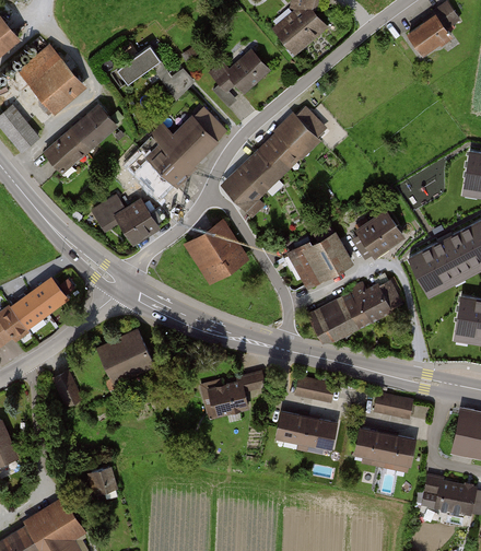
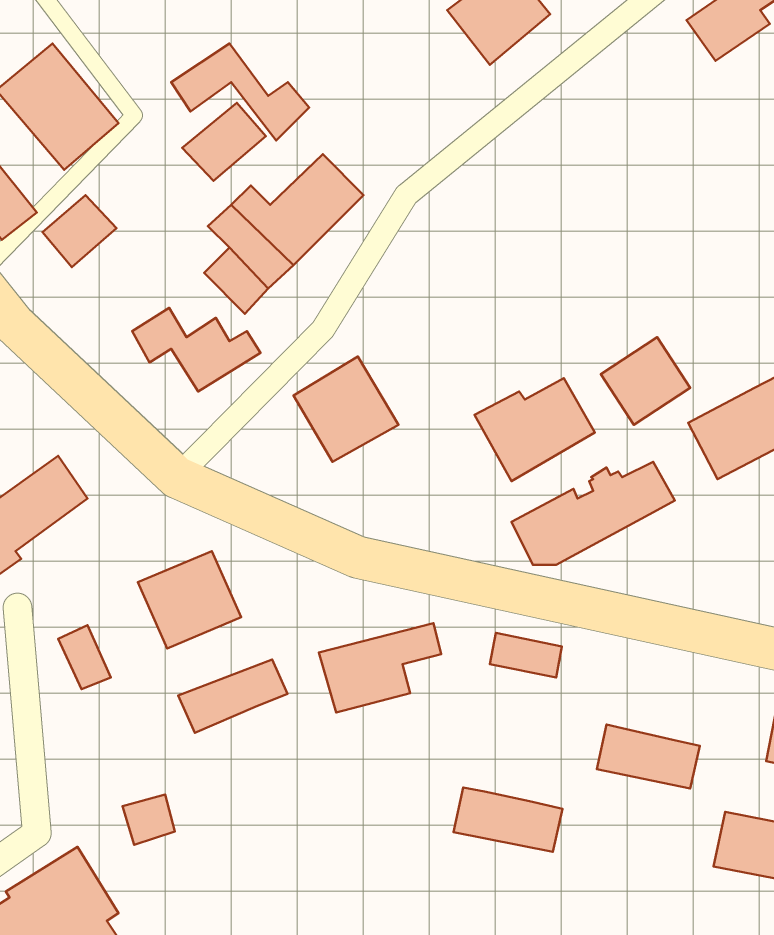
building: [209,51,271,97] -> none
building: [68,106,115,150] -> [182,103,266,181]
building: [222,109,325,214] -> none
building: none -> [178,660,288,733]
building: [374,394,411,418] -> none
building: [275,412,337,448] -> [454,787,562,852]

